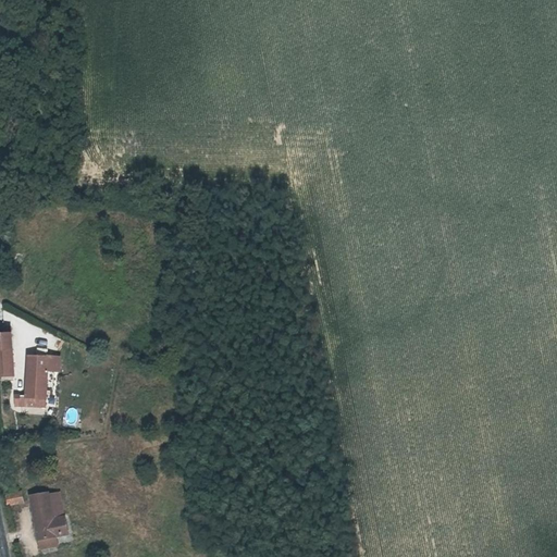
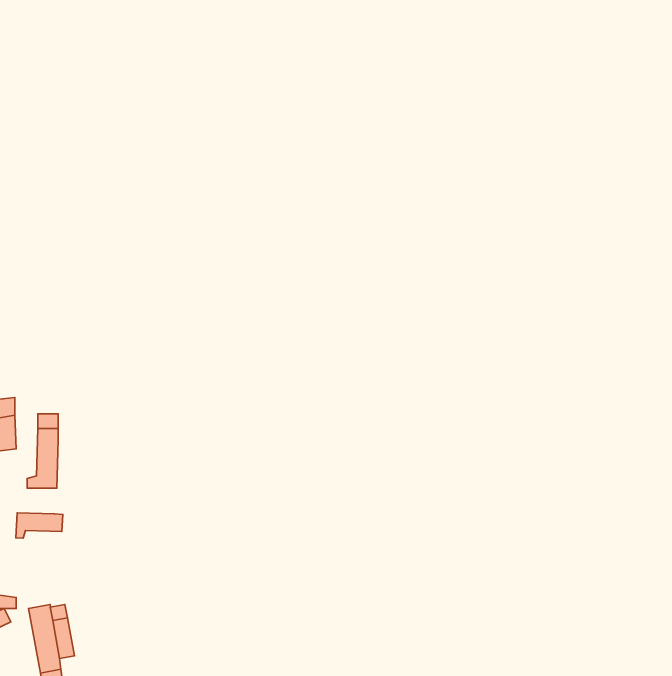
building: none -> [16,513,63,538]

